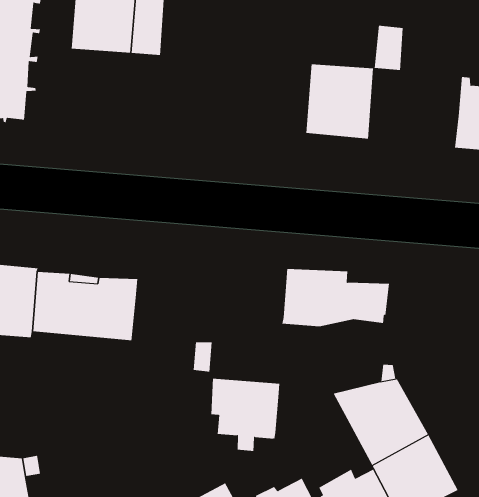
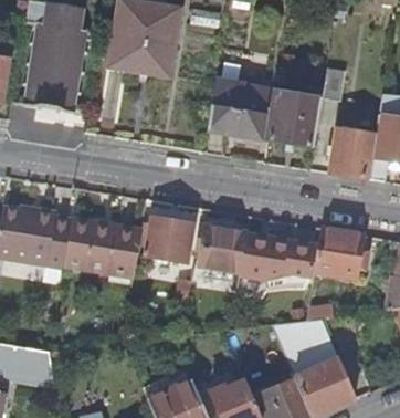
building: none -> [208,82,270,139]
building: none -> [330,128,377,179]
building: none -> [315,229,366,279]
building: none -> [140,217,193,263]
building: [210,378,280,452] -> [197,226,248,280]

